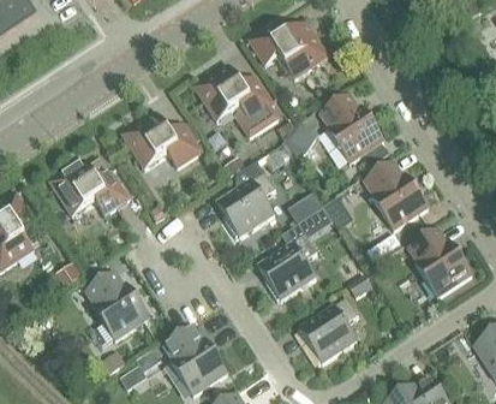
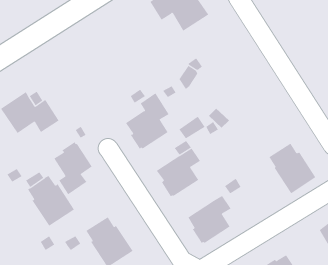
building: [195,64,277,136] -> none
building: [319,94,383,161] -> none
building: [121,112,201,167] -> none
building: [364,161,428,228] -> none
building: none -> [54,141,93,195]

